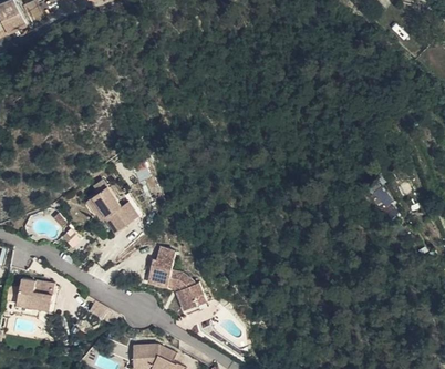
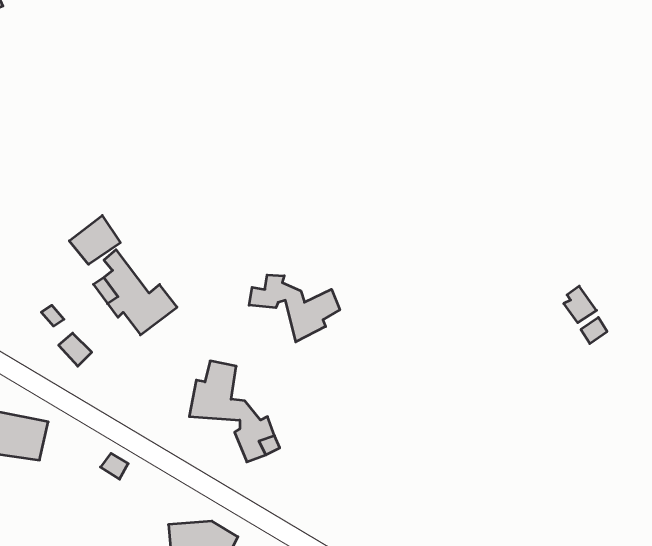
building: none -> [69,215,120,264]
building: none -> [249,275,340,342]

